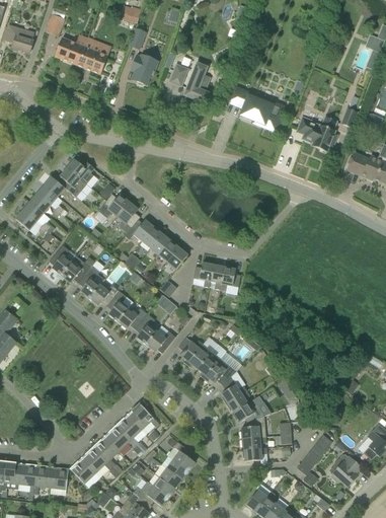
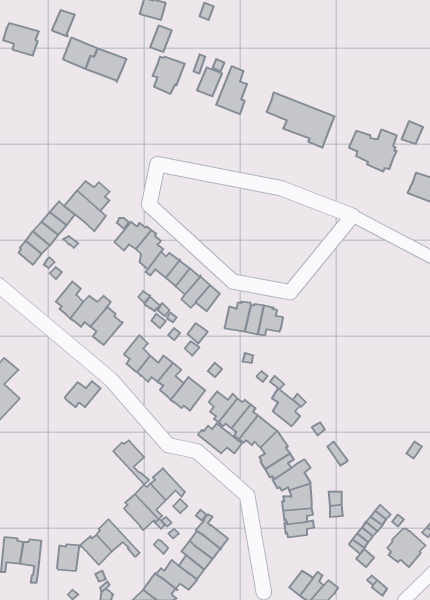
building: [89,284,120,306] -> [65,381,101,407]
building: none -> [272,388,300,426]
building: none -> [198,424,242,453]
building: [93,437,124,474] -> [113,440,149,485]
building: [33,464,52,495] -> none

